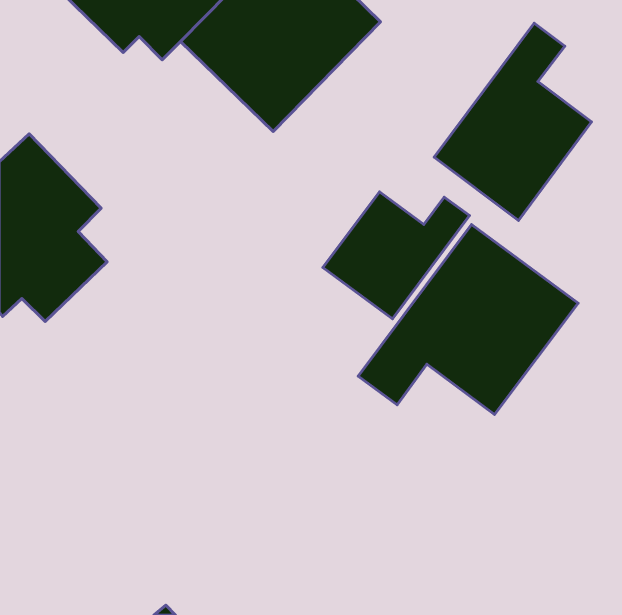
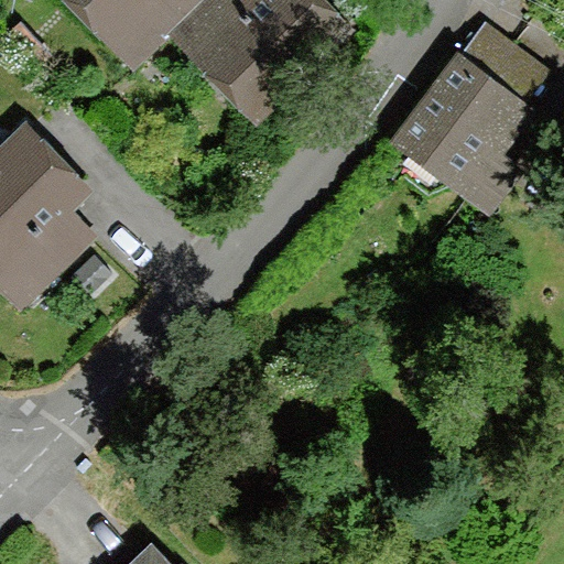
building: [323,192,469,319] -> none
building: [358,225,578,414] -> none

